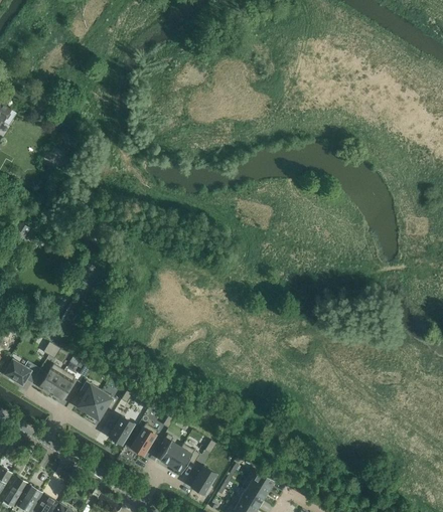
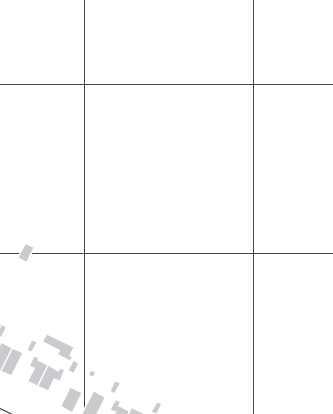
building: none -> [43,334,74,361]

